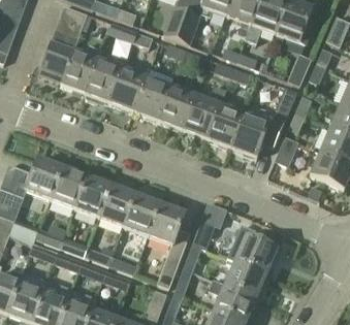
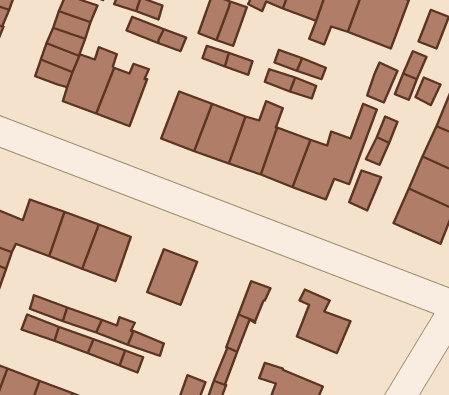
building: [110,67,148,111] -> none
building: [100,185,136,226] -> none
building: [149,203,190,287] -> none
building: [225,259,265,296] -> none

